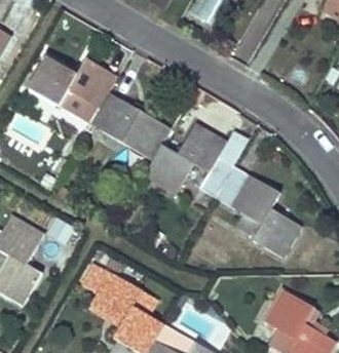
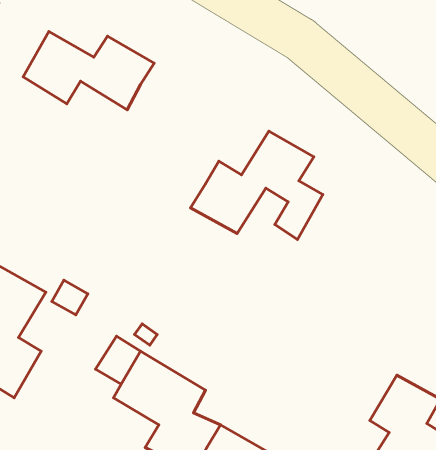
building: [90,92,172,160] -> none
building: [216,167,302,259] -> none

